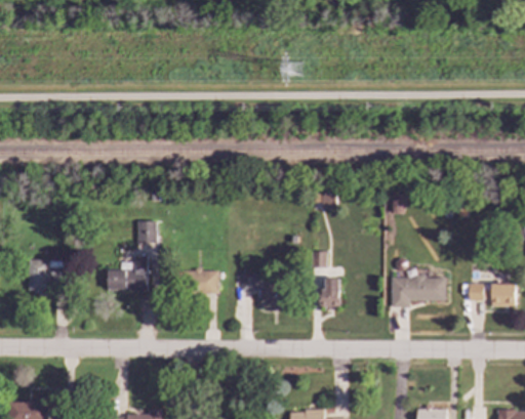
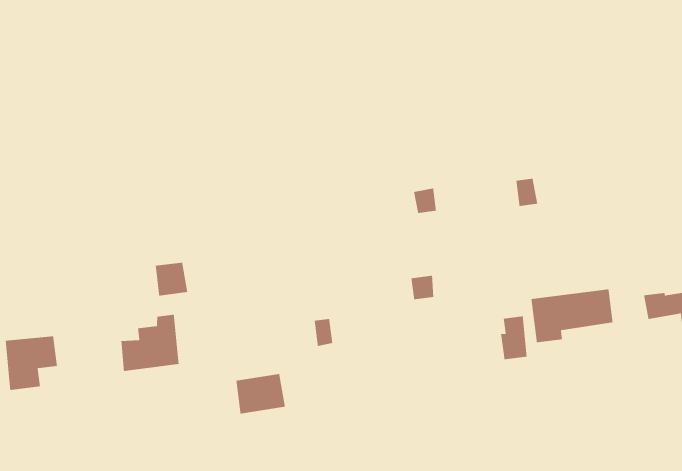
building: [187,269,218,294] -> [236,373,286,414]
building: [322,279,339,307] -> [500,316,527,360]
building: [259,283,287,308] -> none

